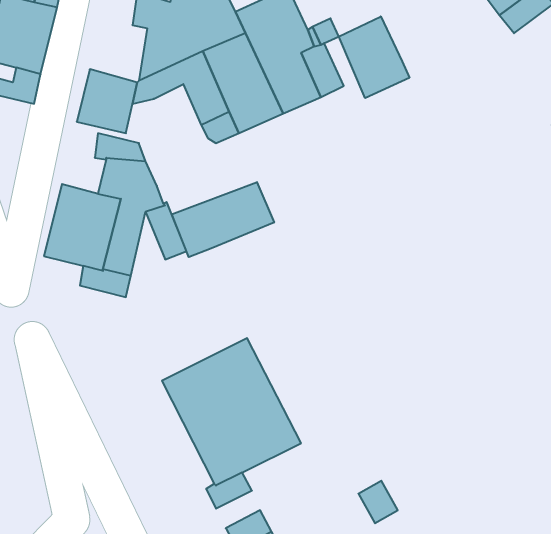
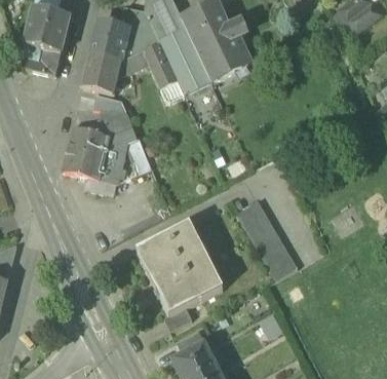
building: [339,16,409,98] -> none
building: none -> [90,23,126,62]
building: [172,182,274,257] -> none
building: none -> [236,198,297,278]

